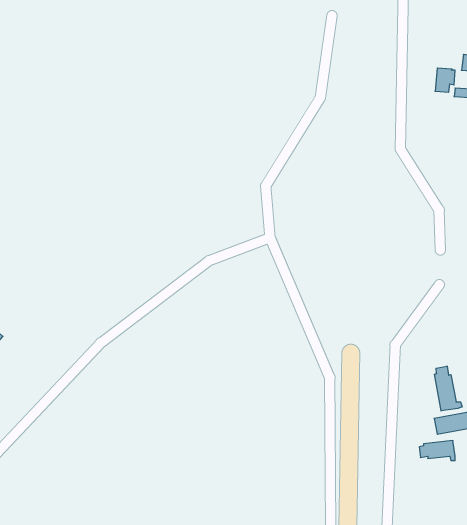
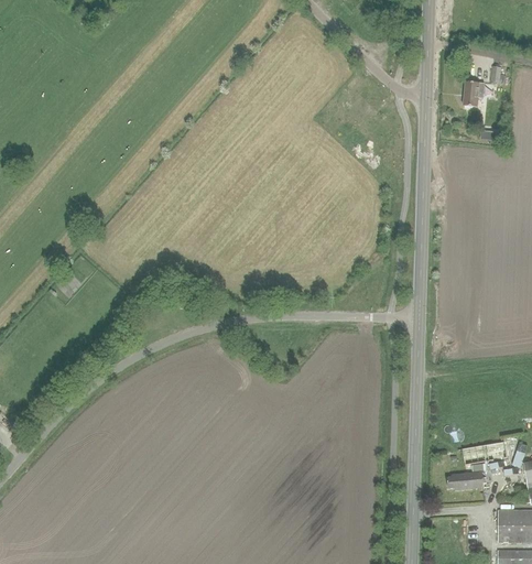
building: [434,366,462,411] -> none

